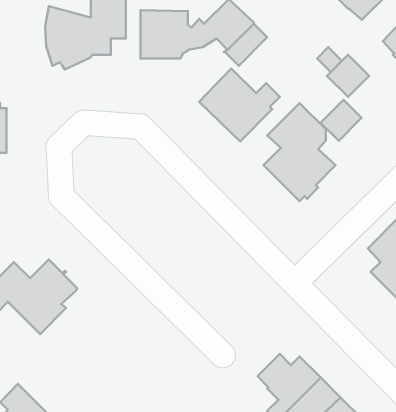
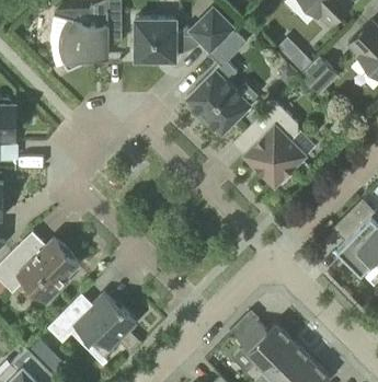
building: [321,100,362,141] -> none
building: none -> [50,293,137,350]

